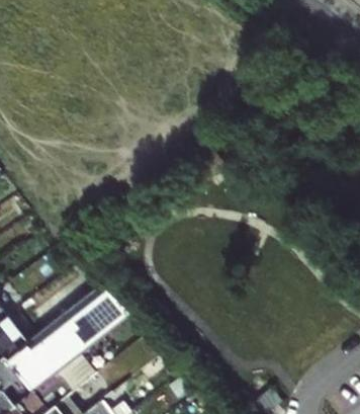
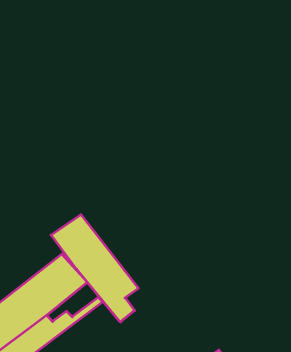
building: none -> [51,215,138,322]

